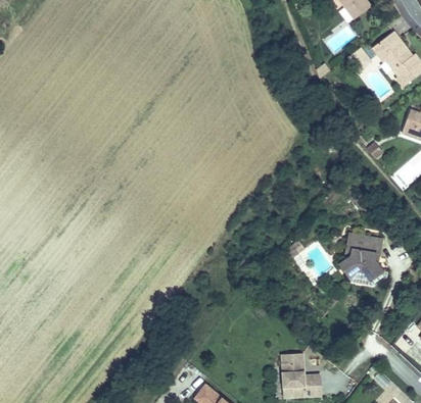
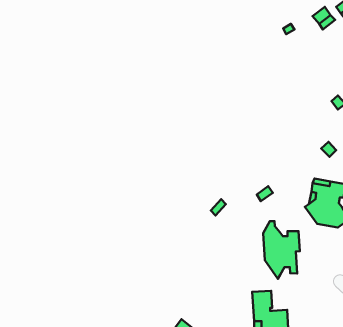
building: none -> [263,221,300,279]

